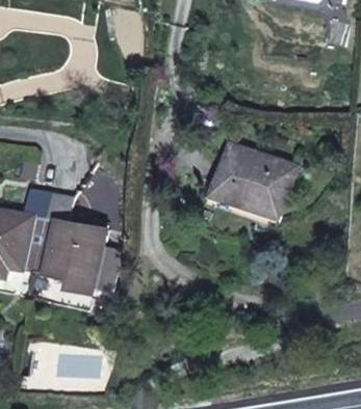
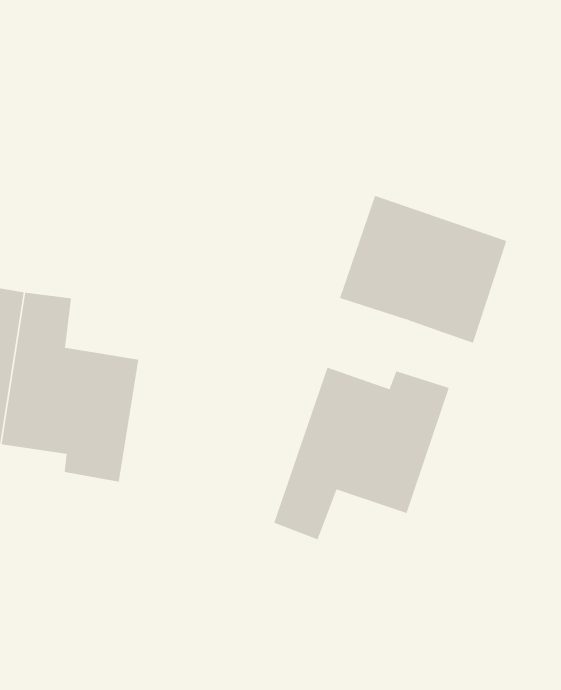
building: none -> [273,367,450,540]

